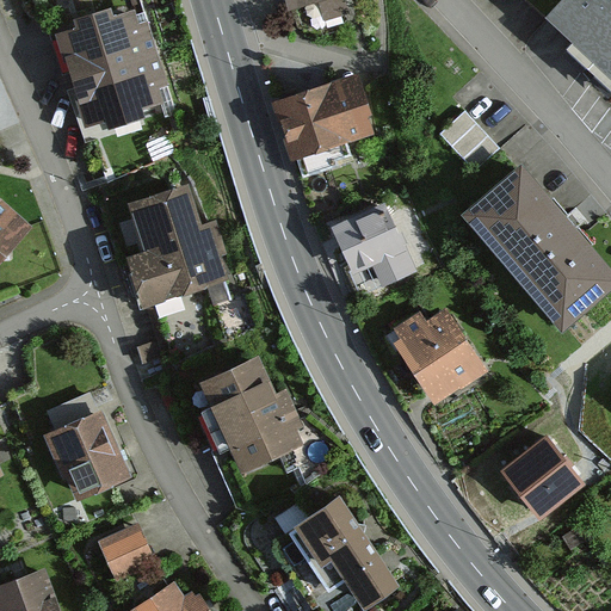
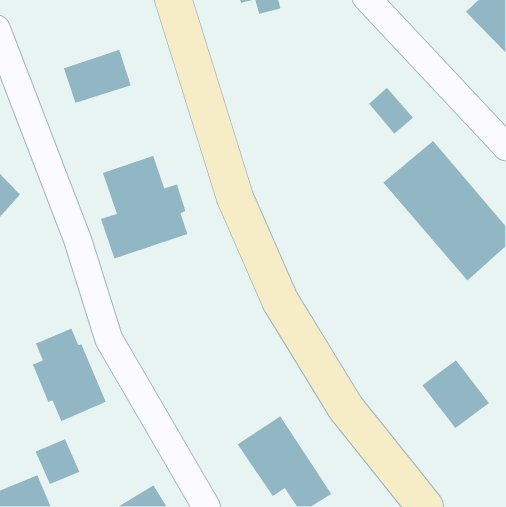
building: [61,16,143,81] -> none
building: [284,75,371,150] -> none
building: [341,208,414,295] -> none
building: [388,310,487,402] -> none
building: [210,352,306,465] -> none
building: [101,526,156,582] -> [34,438,80,485]

